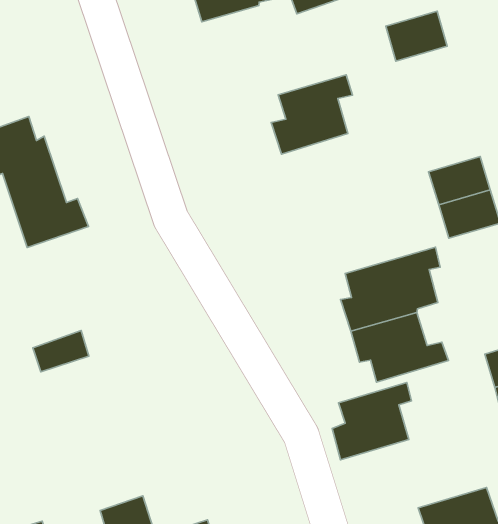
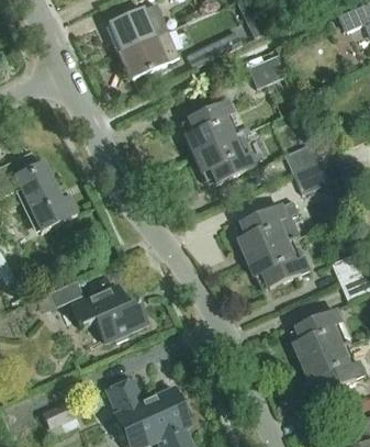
building: none -> [191,136,254,182]
building: none -> [69,284,145,340]
building: [332,383,412,460] -> [294,310,343,362]

